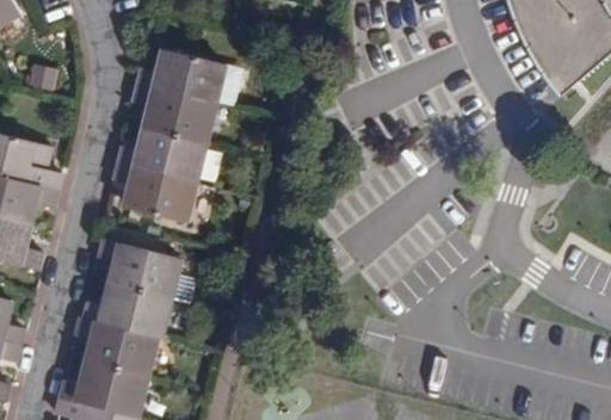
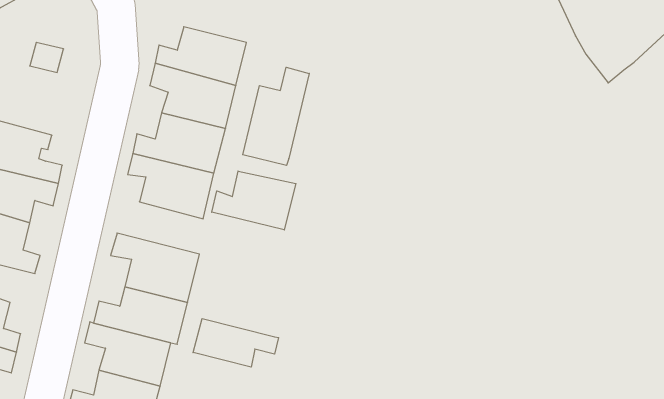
building: none -> [243,67,309,165]
building: none -> [212,171,296,230]
building: none -> [193,319,279,367]

